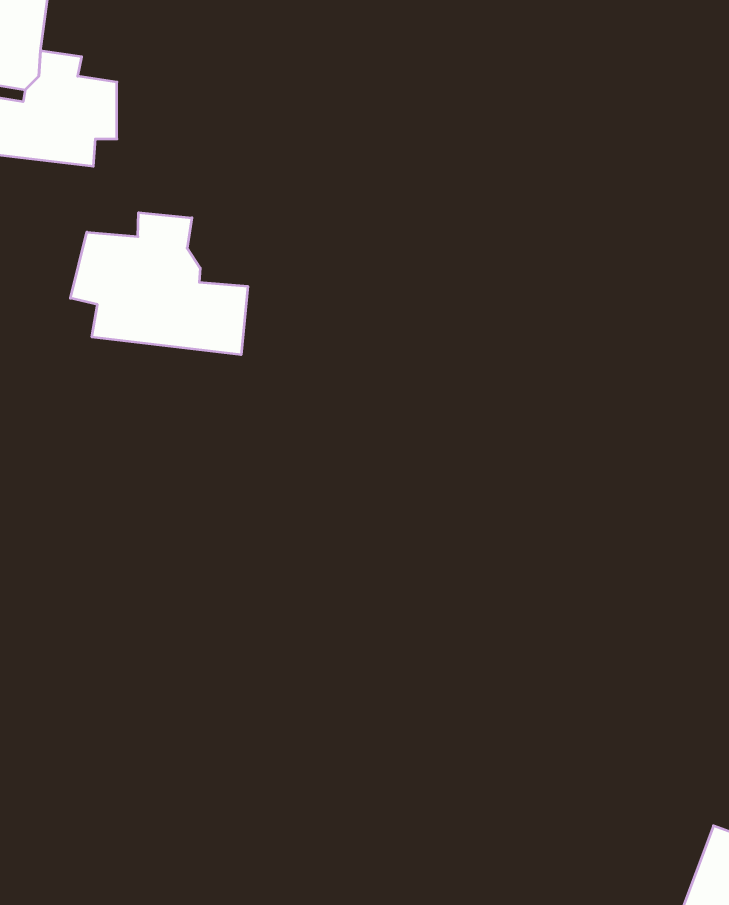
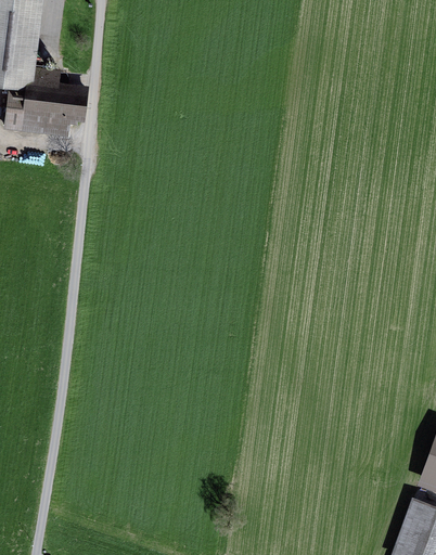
building: [70,213,248,355] -> none

